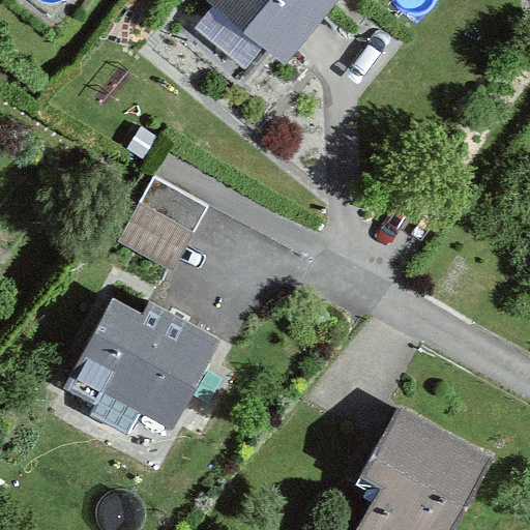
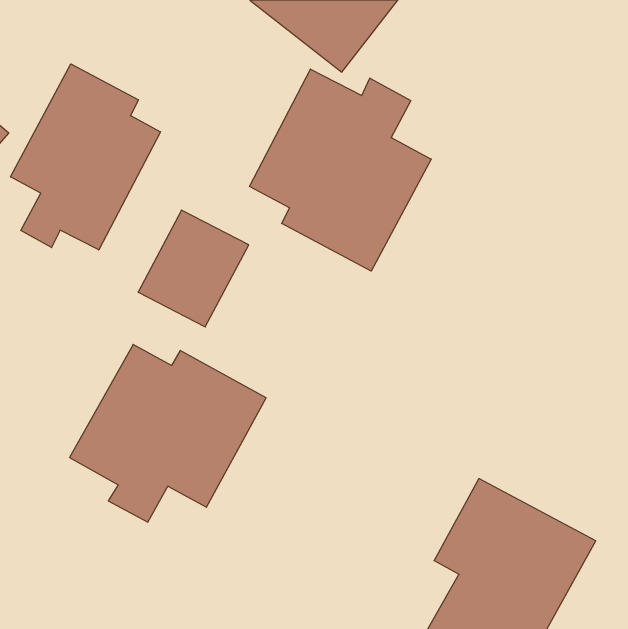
building: none -> [10,64,161,250]
building: none -> [249,69,431,271]

